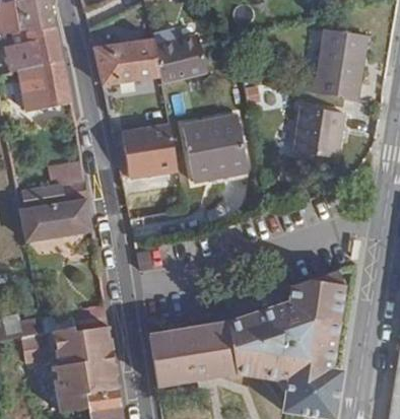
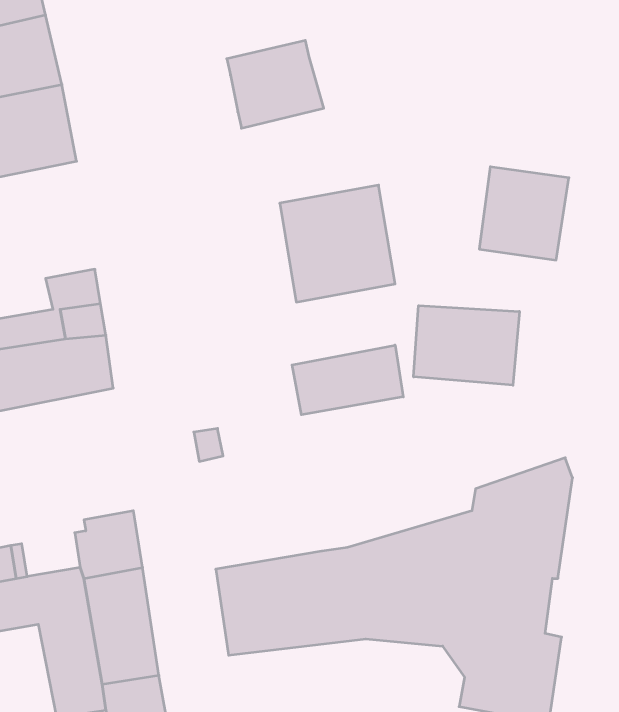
building: [316,29,369,100] -> none
building: [91,34,161,86] -> none
building: [121,124,179,180] -> none
building: none -> [414,306,519,385]
building: none -> [292,345,403,415]

